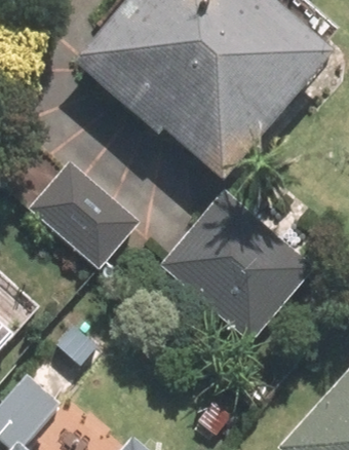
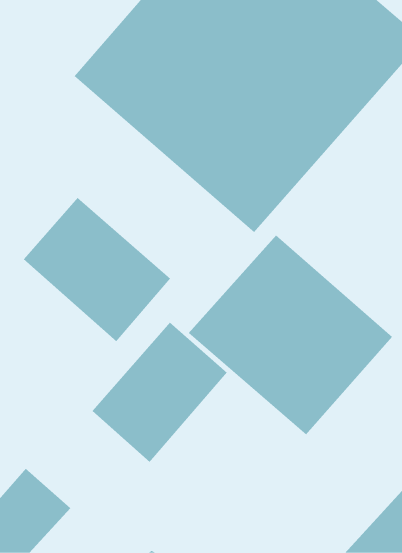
building: none -> [92,322,228,463]

